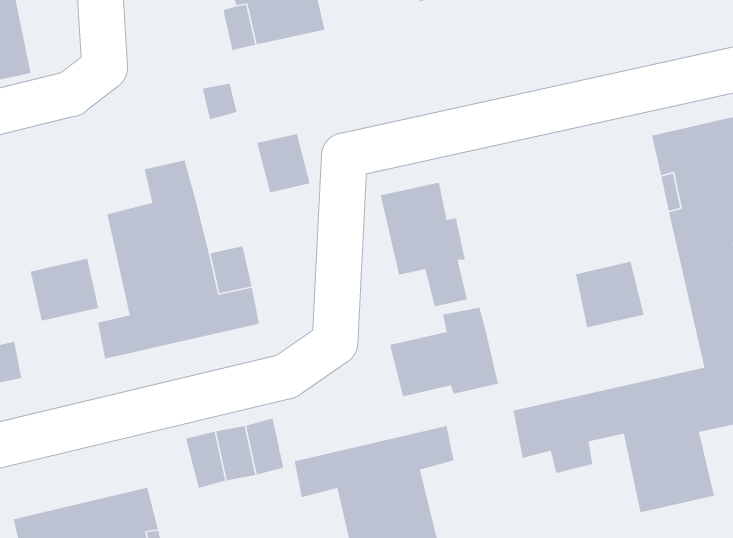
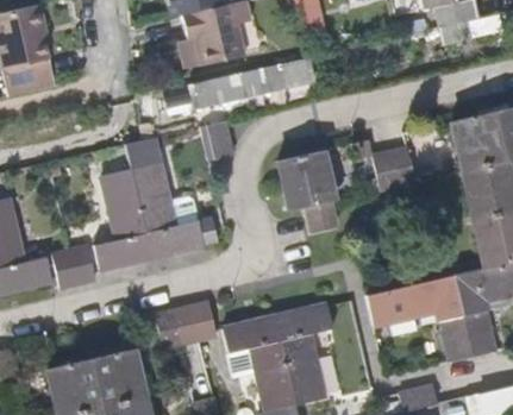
building: none -> [190,57,314,107]
building: [30,258,99,322] -> [56,244,100,284]
building: [575,261,644,328] -> [373,147,417,190]
building: [389,307,499,397] -> none

